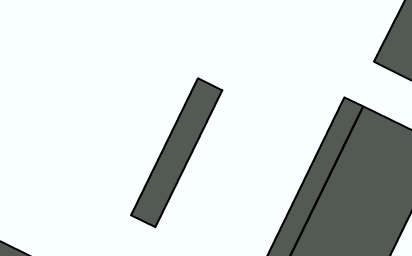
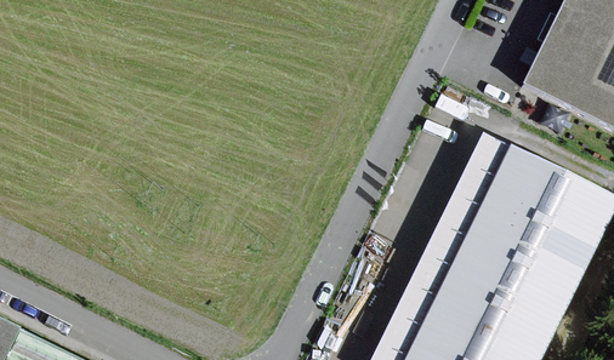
building: [131,78,222,227] -> none

